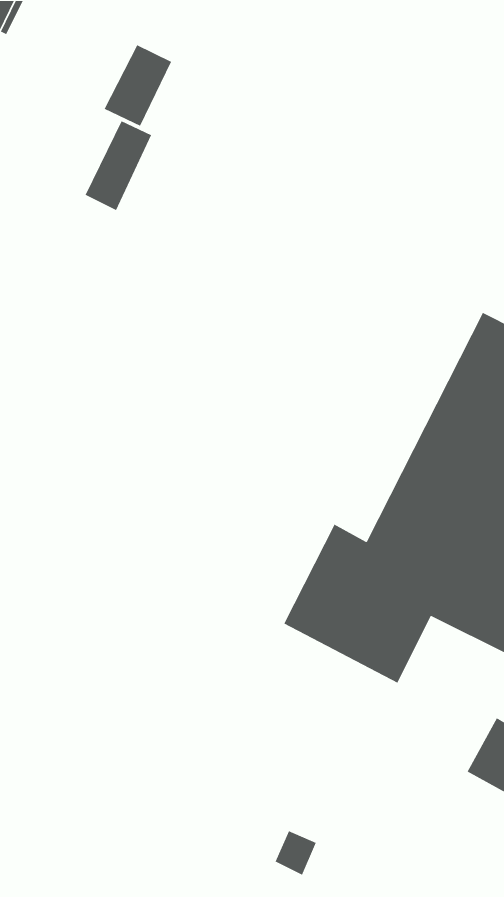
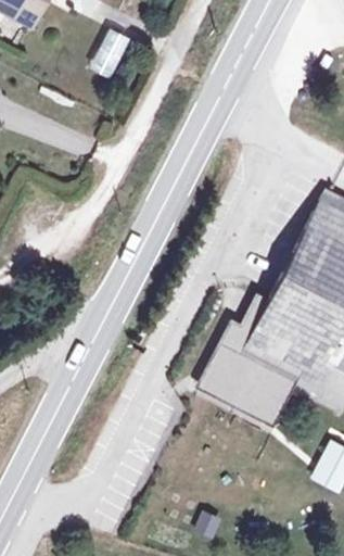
building: [85,120,152,211] -> none

